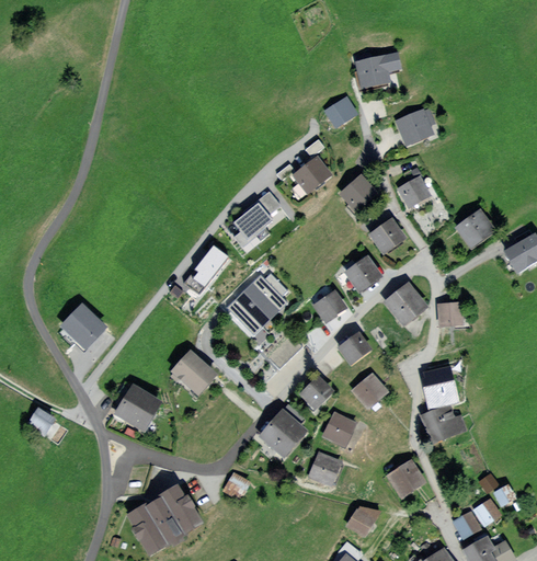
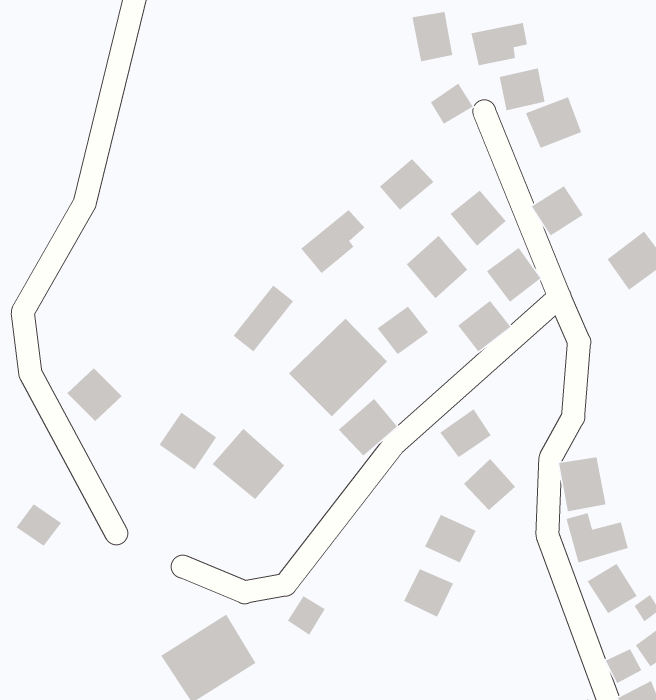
building: none -> [411,11,453,62]
building: none -> [499,67,546,111]
building: none -> [406,235,468,299]
building: [382,284,430,330] -> none
building: [310,289,349,325] -> [376,305,429,355]
building: [439,302,466,328] -> none
building: [297,376,333,412] -> none
building: [114,387,157,430] -> [159,412,217,470]
building: [260,410,305,454] -> none
building: [387,456,424,493] -> [587,563,638,614]
building: [344,501,381,539] -> none

